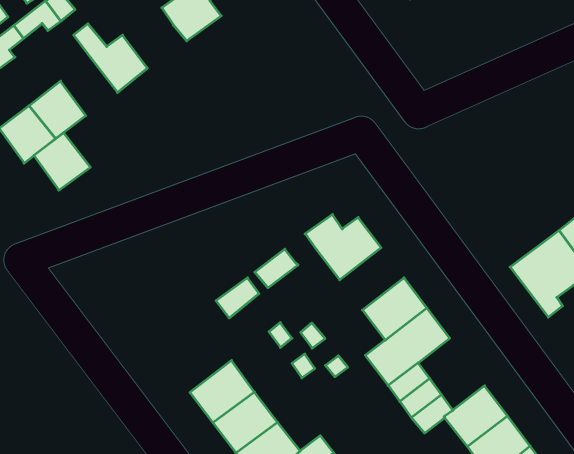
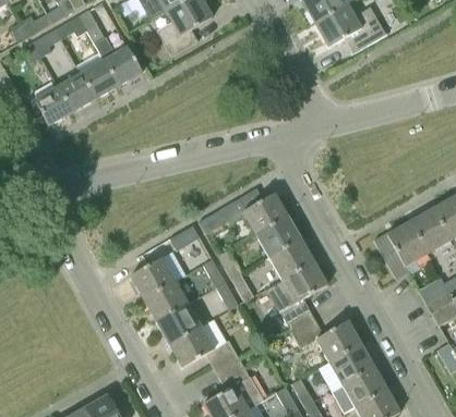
building: [34,133,90,190] -> [82,59,120,98]
building: none -> [256,216,301,257]
building: none -> [130,257,175,298]

